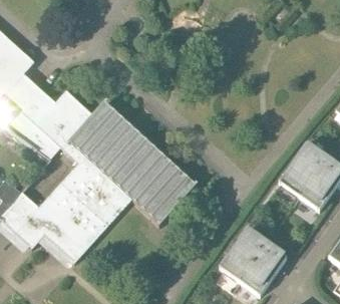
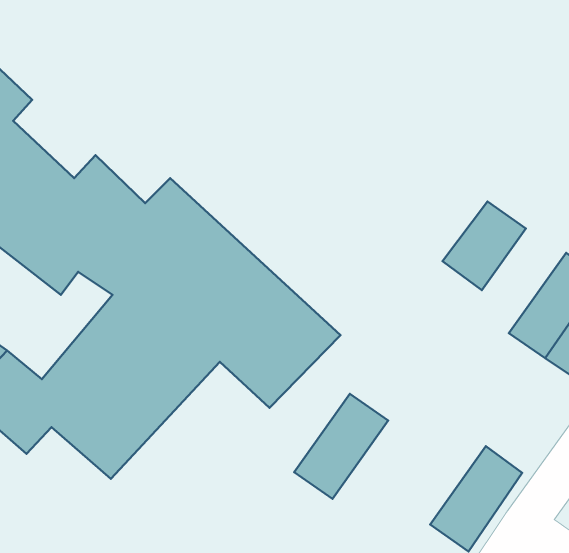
building: none -> [443,202,526,290]
building: [221,226,270,281] -> [294,394,388,499]

